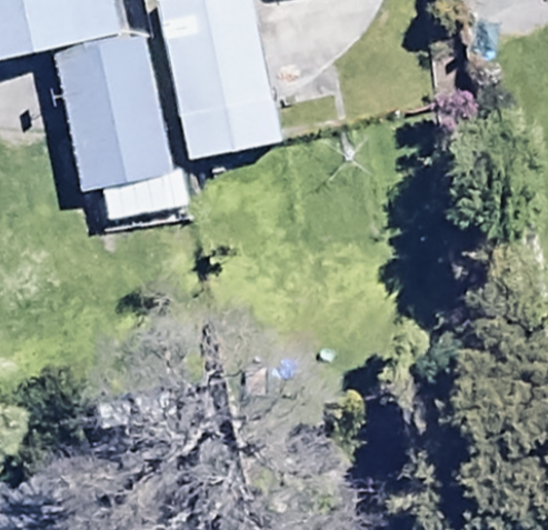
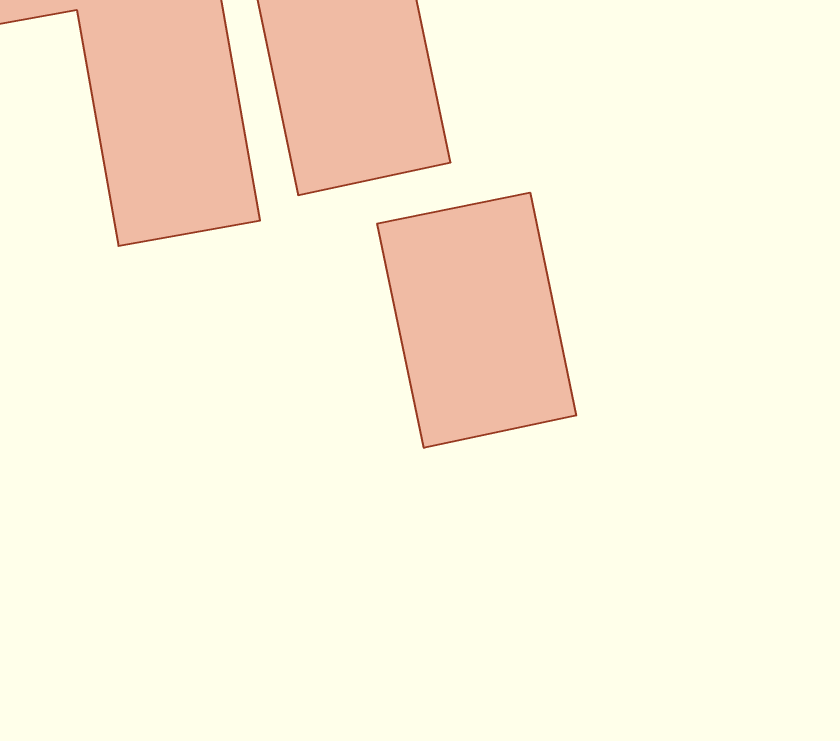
building: none -> [377,193,576,448]

